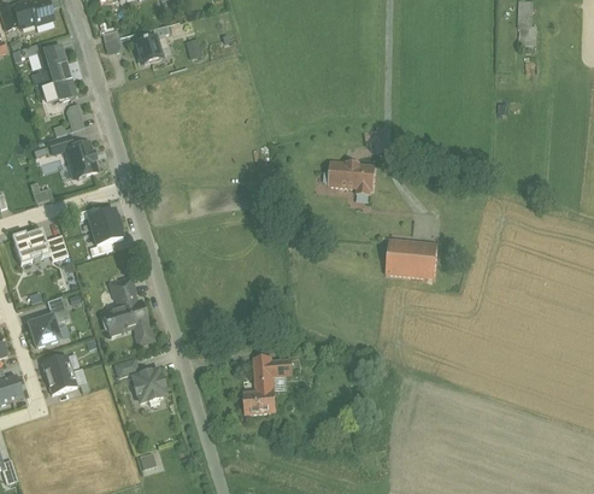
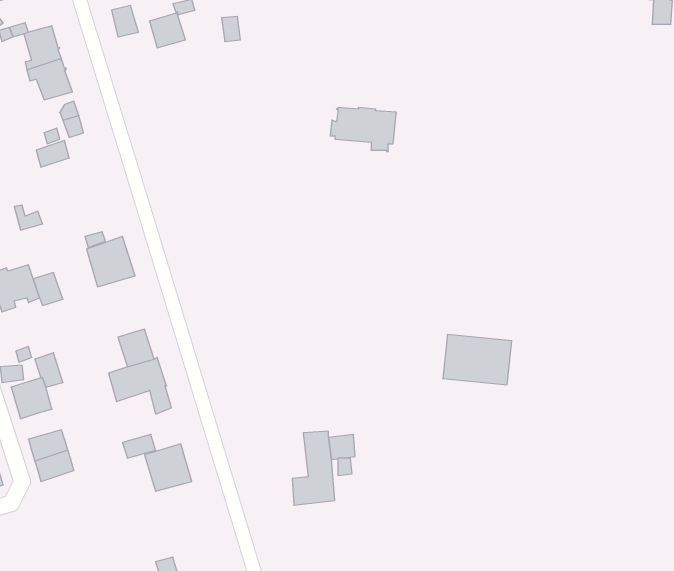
building: [65,142,100,182] -> none
building: [324,160,375,194] -> [330,108,396,152]
building: [384,239,437,277] -> [443,335,512,385]

